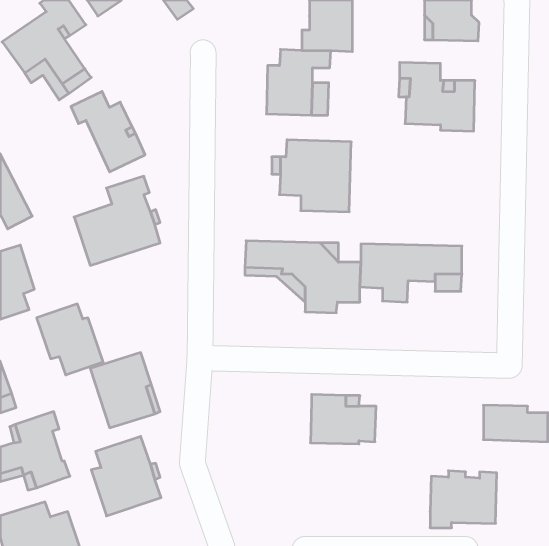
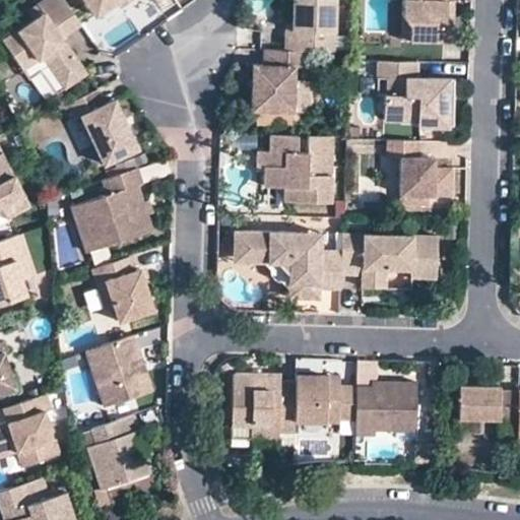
building: none -> [387,140,452,206]
building: [37,304,103,375] -> [91,256,154,323]
building: none -> [231,373,295,448]
building: [430,471,497,528] -> [354,382,417,436]

